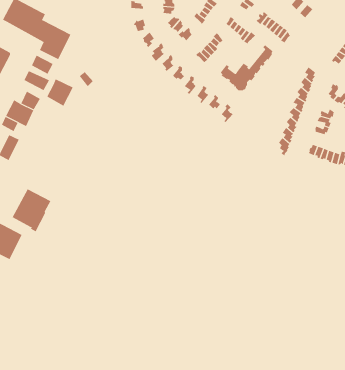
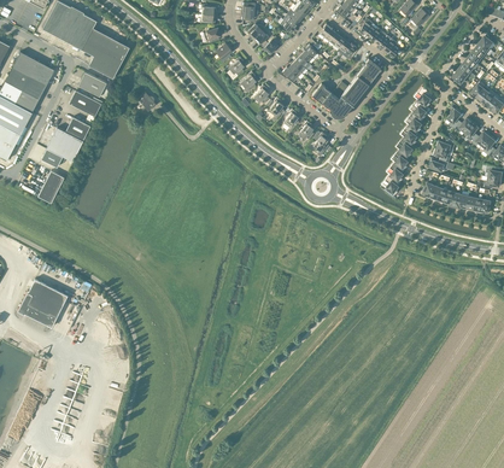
building: [46,78,74,106] -> none
building: [12,188,51,232] -> none

